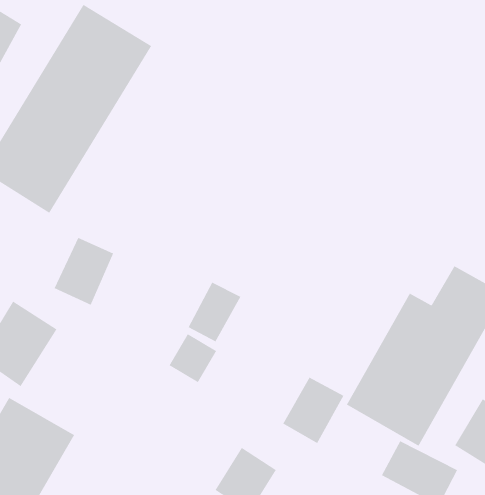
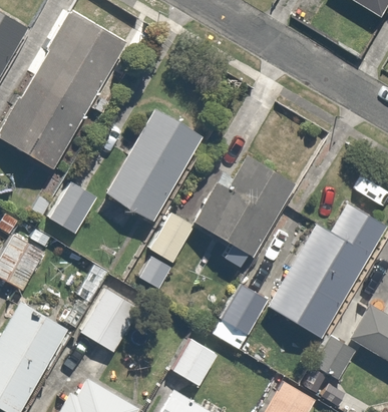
building: none -> [104,115,198,223]
building: none -> [192,156,291,256]
building: none -> [82,290,140,353]

